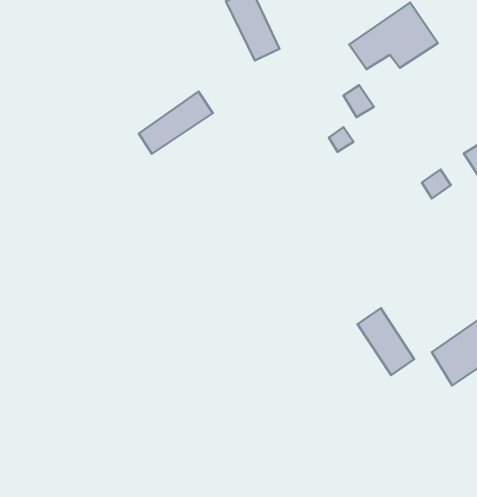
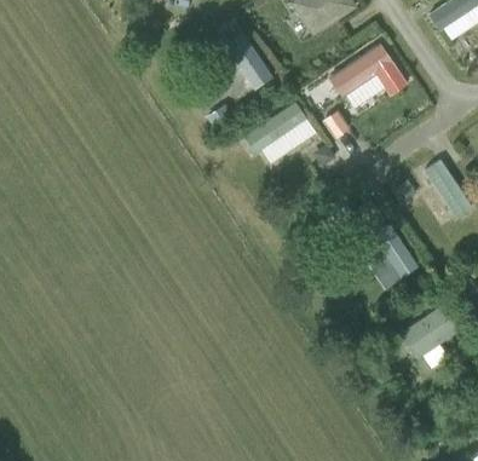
building: [139,91,213,154] -> [243,103,305,155]
building: [358,308,414,375] -> [372,224,419,280]

